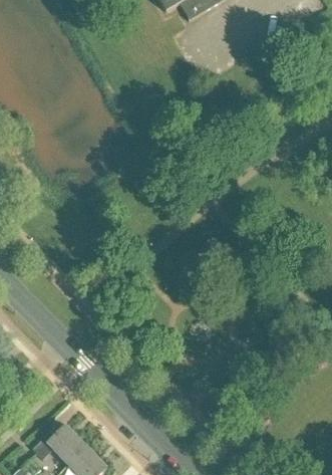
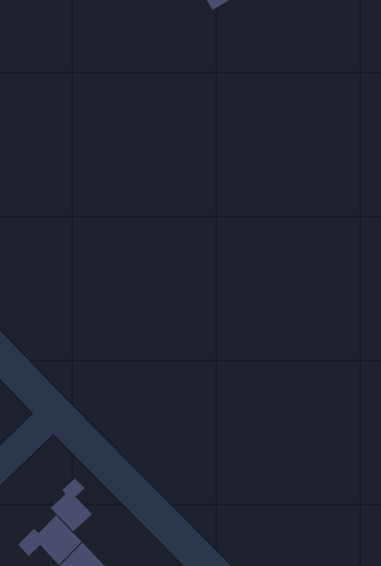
building: none -> [50,478,93,532]

